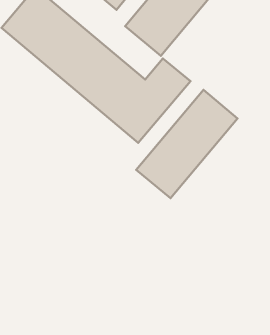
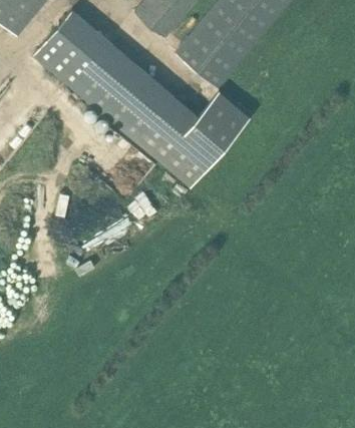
building: [136,90,238,198] -> none

